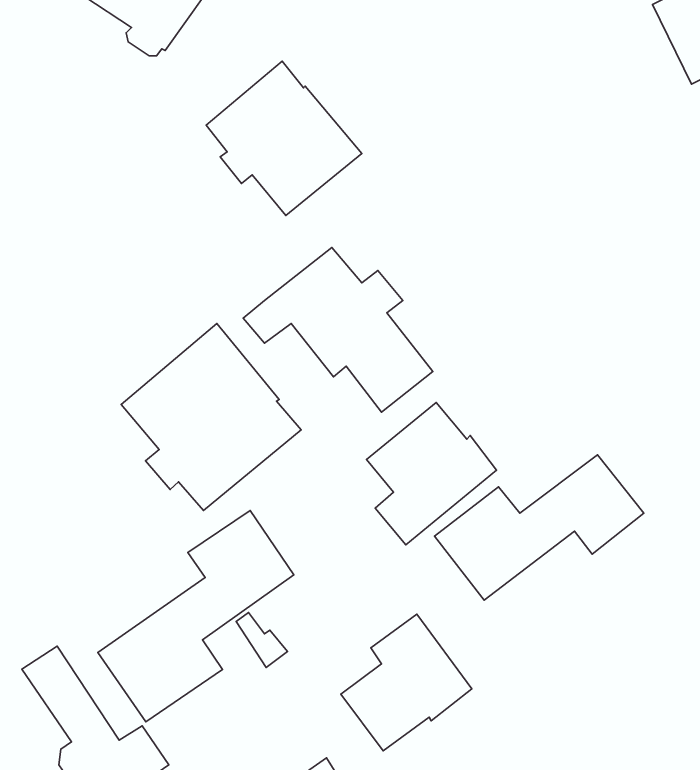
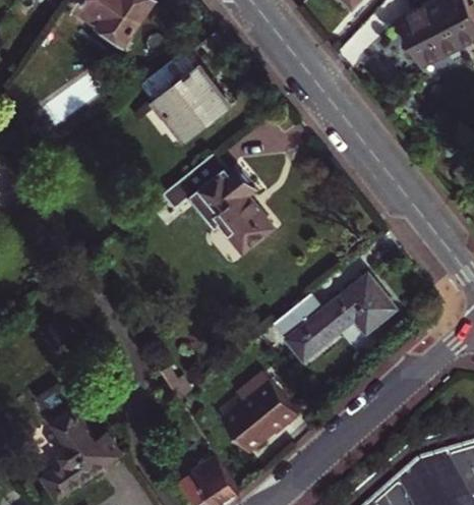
building: [121,324,301,510] -> none
building: [366,403,496,545] -> none
building: [98,510,294,722] -> none

